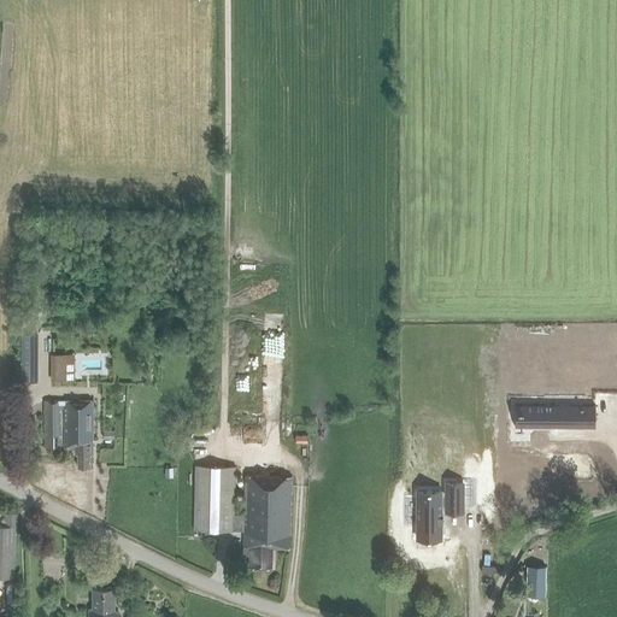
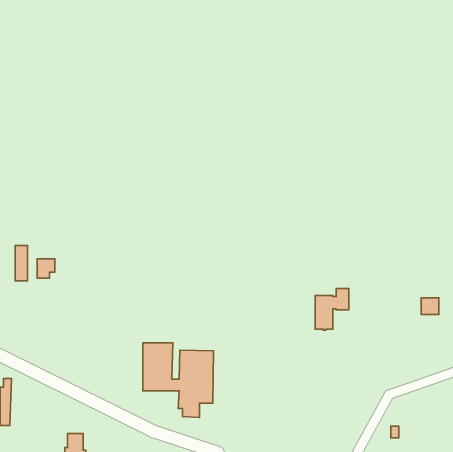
building: [43,402,94,469] -> none
building: [516,406,558,429] -> none
building: [417,483,463,540] -> [315,289,349,330]

